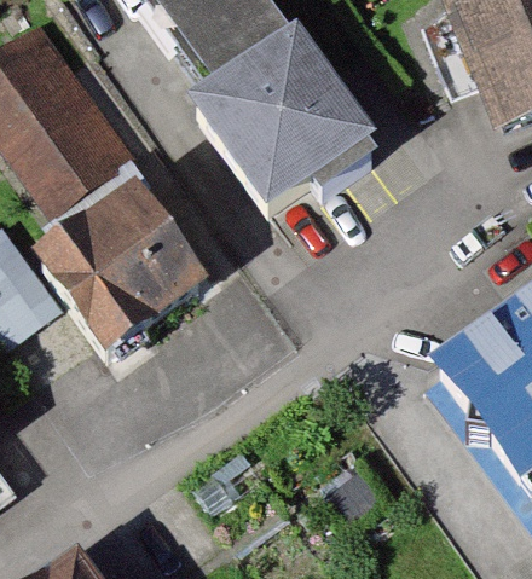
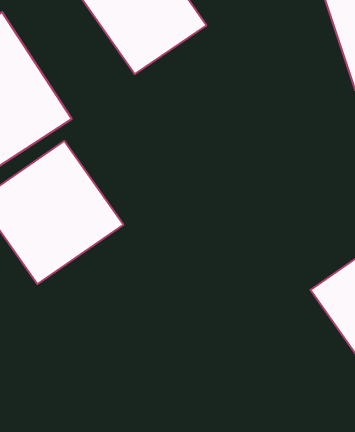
building: [197,34,381,215] -> none

